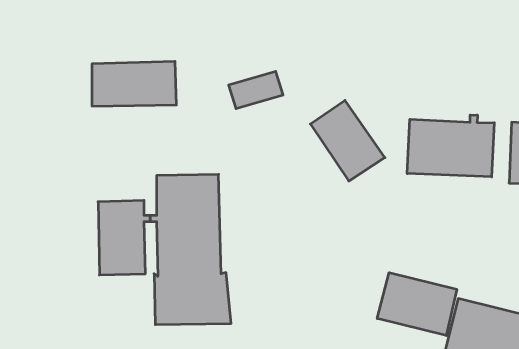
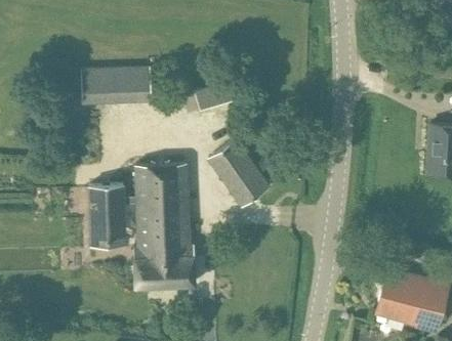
building: [310,100,385,181] -> [208,139,270,206]
building: [407,115,494,177] -> none
building: [377,273,457,336] -> none

